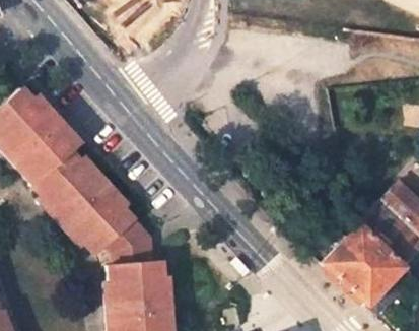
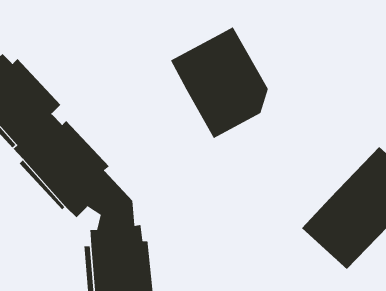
building: none -> [170,26,269,139]

